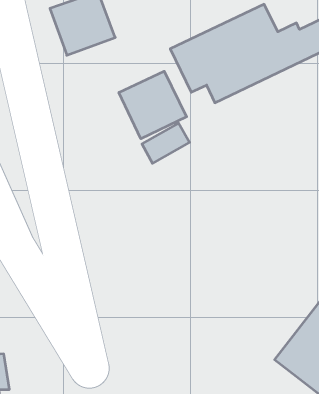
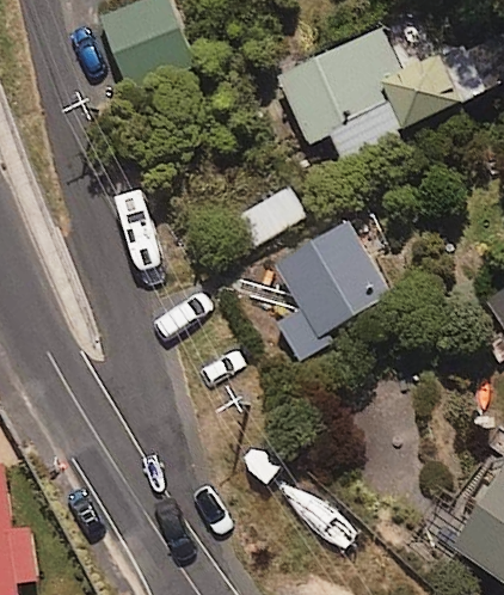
building: [119,71,187,139] -> none
building: none -> [272,219,392,361]

